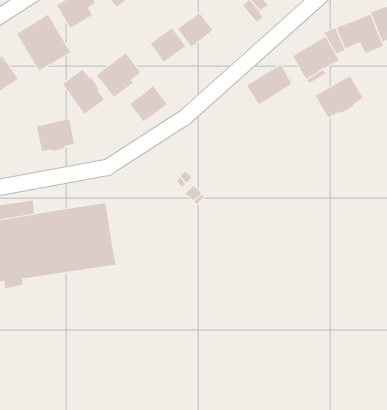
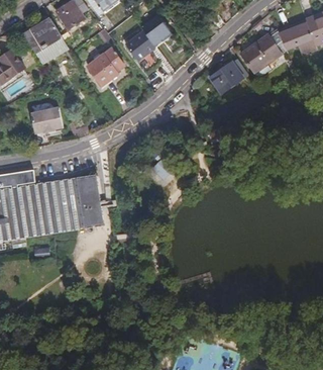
building: [62,69,105,115] -> none
building: [315,75,364,118] -> none
building: [129,85,168,122] -> none

